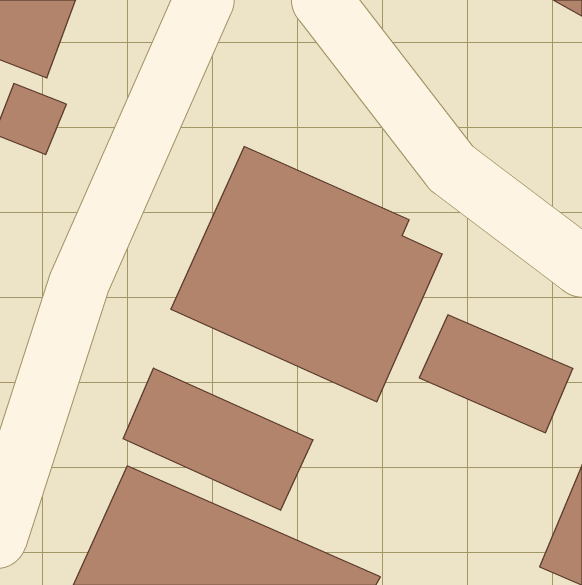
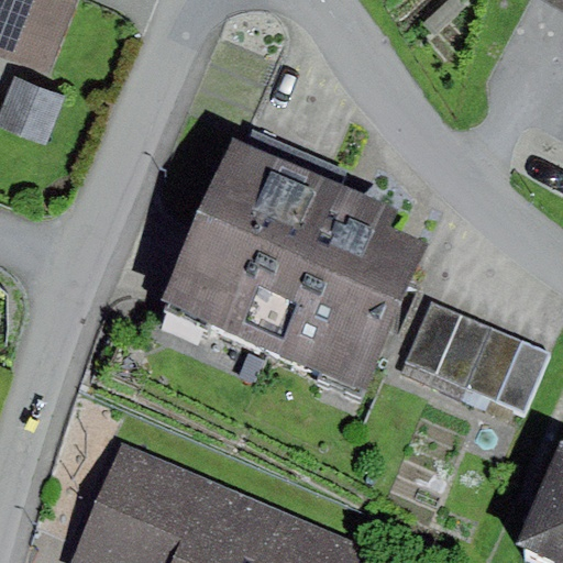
building: [123,368,313,510] -> none

